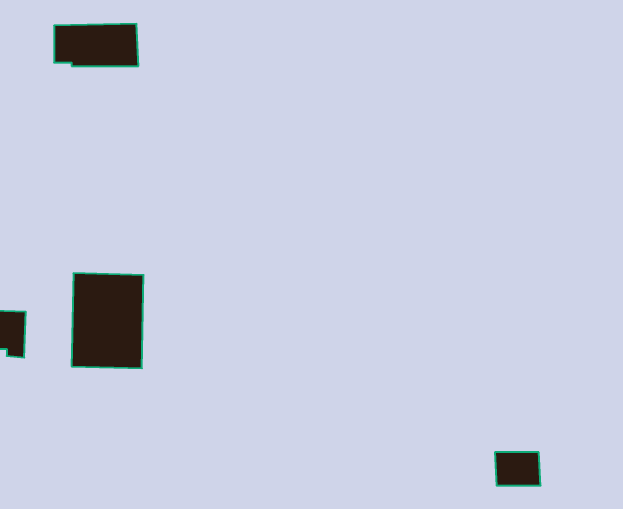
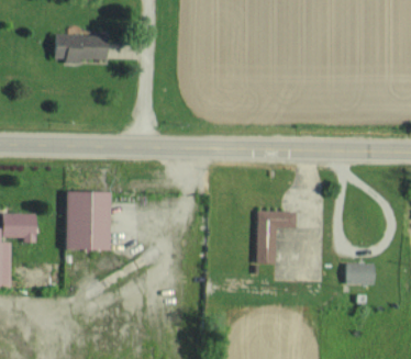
building: none -> [257,211,297,263]
building: [495,452,541,486] -> [346,263,375,284]

